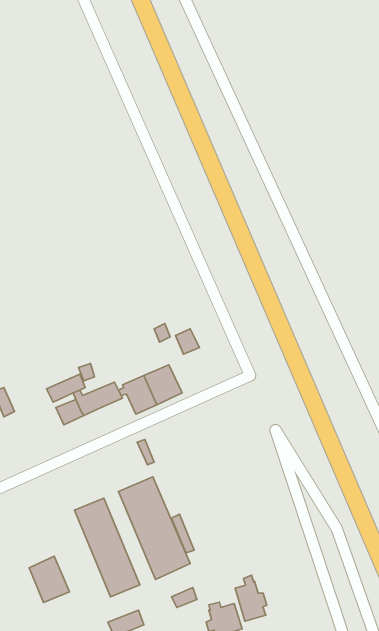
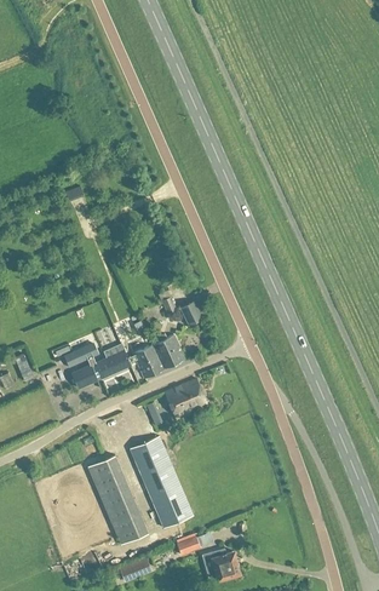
building: none -> [163,379,206,417]
building: [29,556,70,603] -> none
building: [235,575,267,621] -> none

